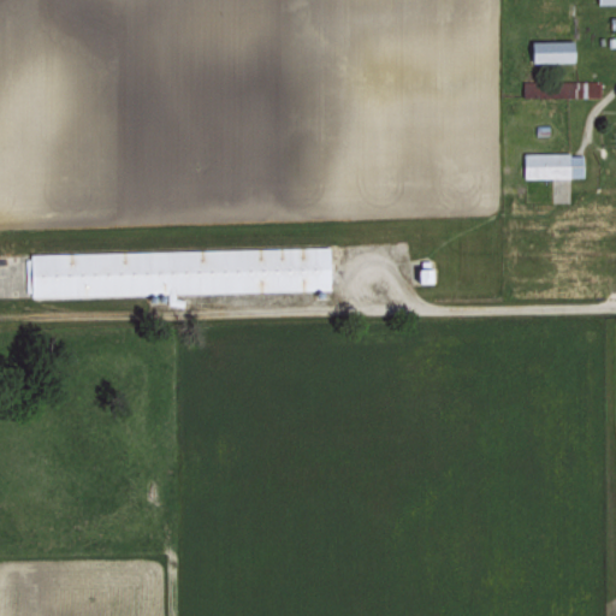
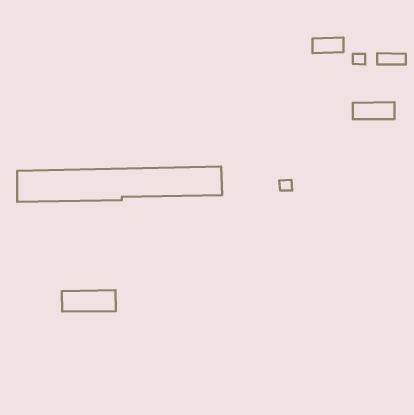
building: [532,41,578,64] -> [312,38,343,53]
building: none -> [62,290,116,311]

